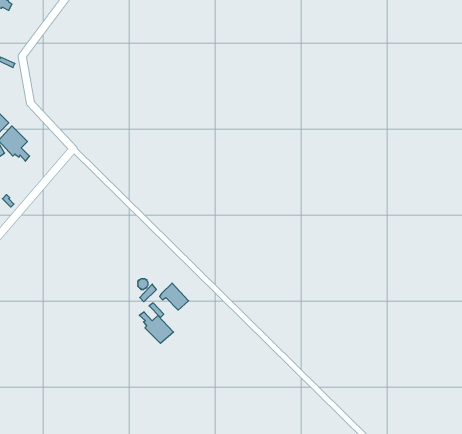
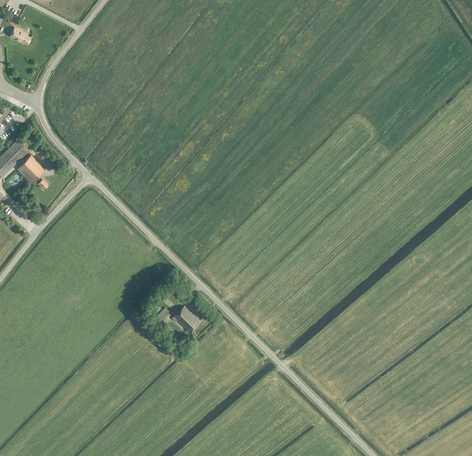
building: [139,312,174,343] -> none

